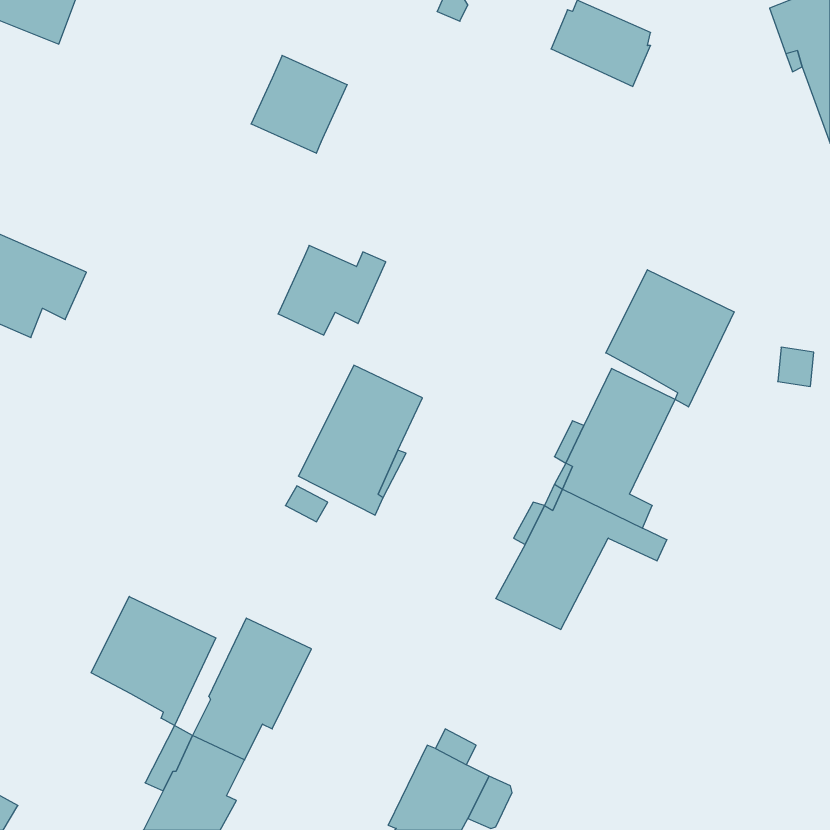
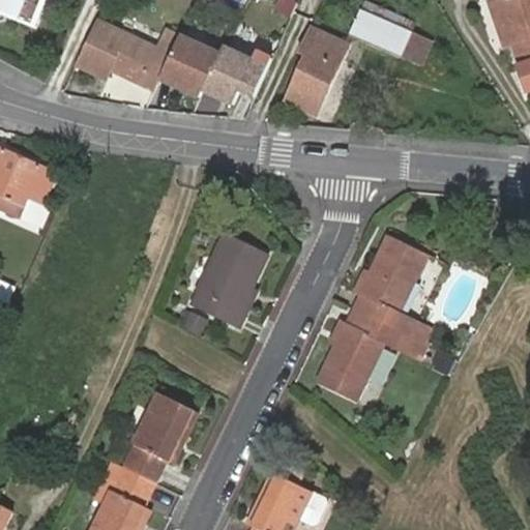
building: none -> [77,22,173,88]
building: none -> [279,29,344,114]
building: [278,245,386,335] -> [204,47,272,104]
building: [606,270,734,407] -> none
building: [91,596,216,726] -> none

